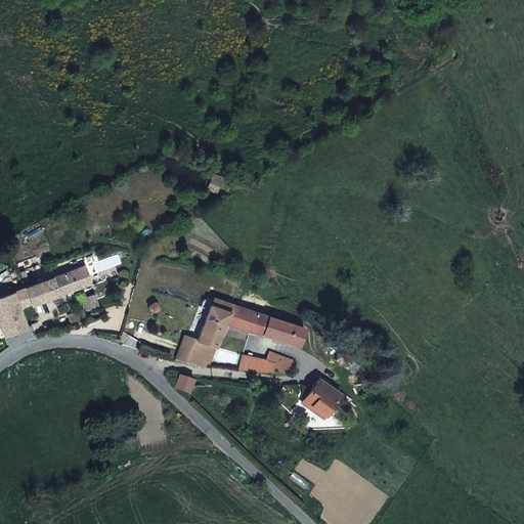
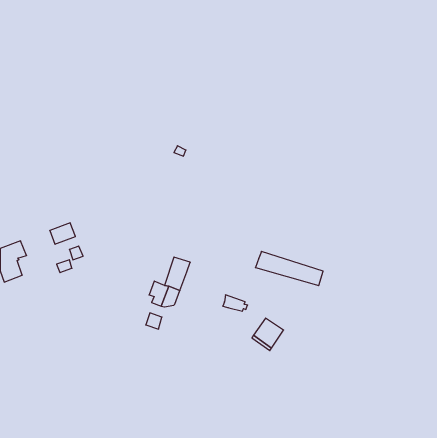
building: [26,275,67,305] -> none
building: [224,305,305,346] -> [255,251,323,286]
building: [239,355,274,373] -> none

